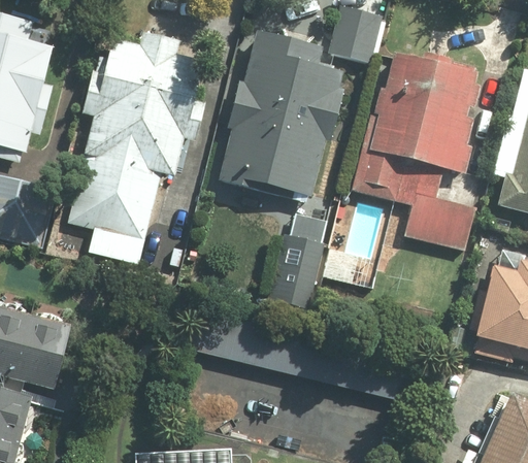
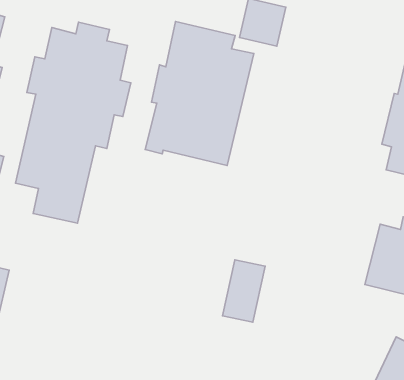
building: [352,53,477,250] -> none
building: [273,236,323,308] -> [222,260,265,322]

